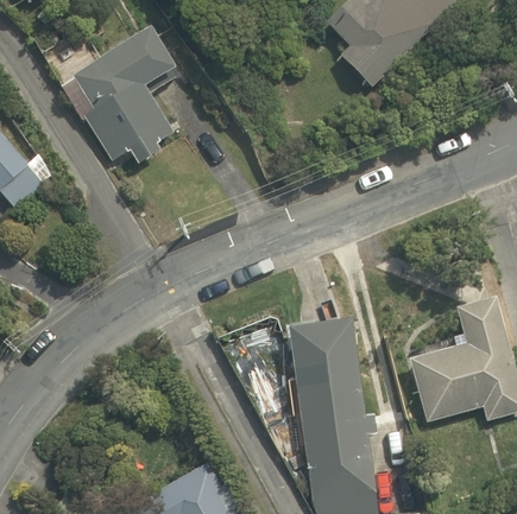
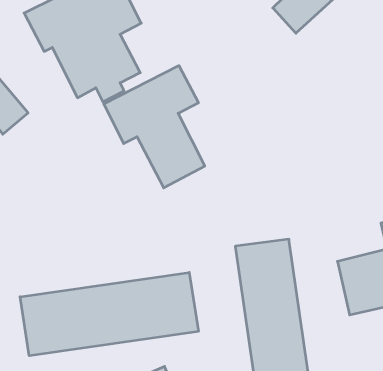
building: none -> [104,66,205,188]
building: none -> [20,272,198,356]

